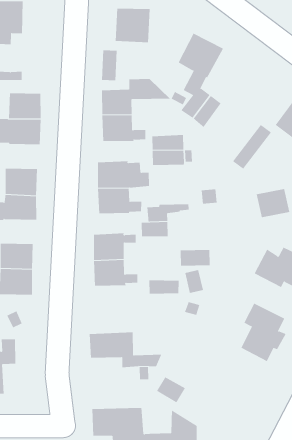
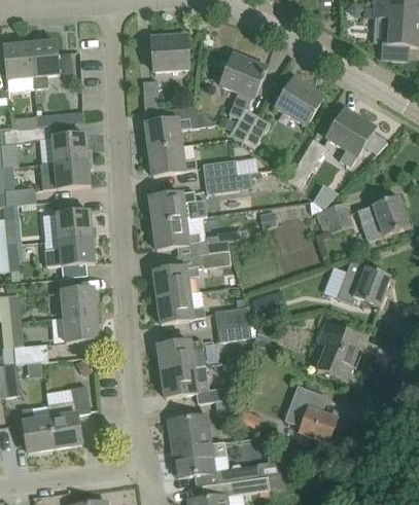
building: none -> [275,77,323,124]
building: [180,249,210,266] -> [217,321,250,341]
building: none -> [158,339,206,372]
building: none -> [284,385,337,442]
building: none -> [168,413,209,448]

